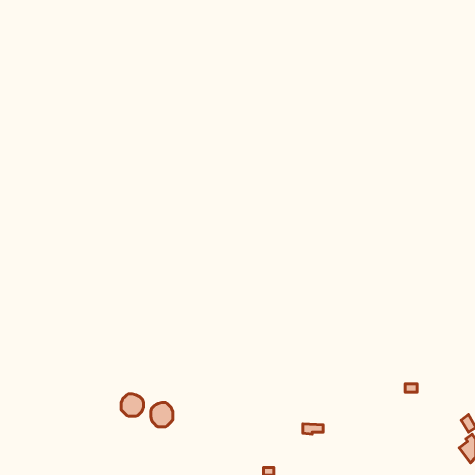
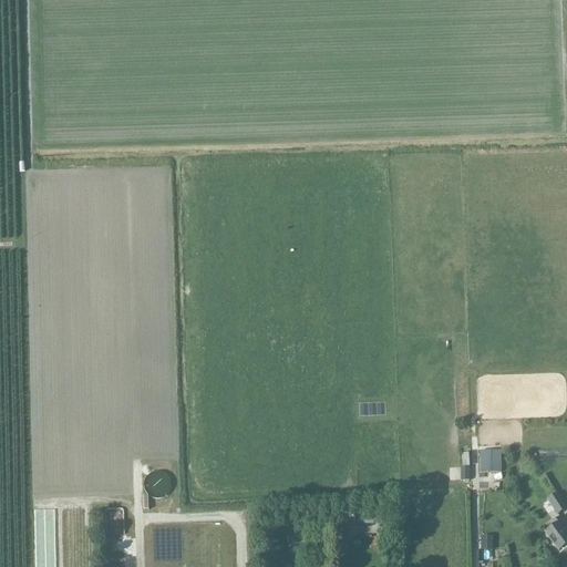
building: [151,403,173,427] -> none

